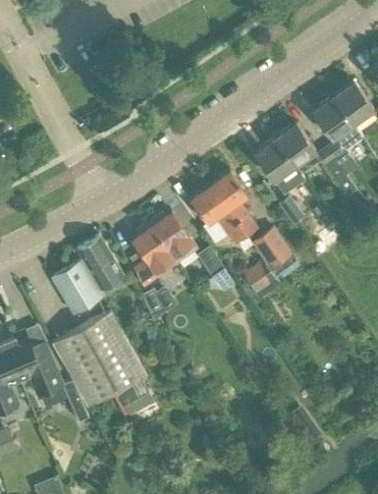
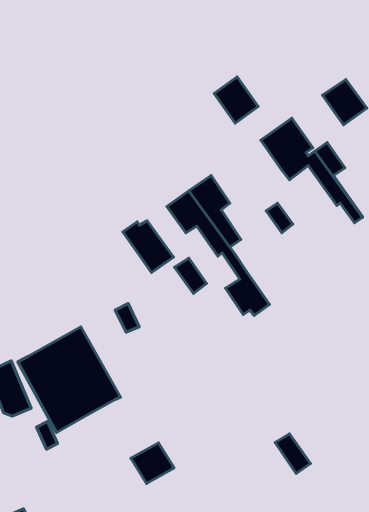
building: [313,97,353,139] -> none
building: [255,139,295,181] -> [214,77,258,123]
building: [131,223,177,287] -> none
building: [253,228,292,269] -> none
building: [52,237,123,315] -> none
building: [116,378,156,416] -> [131,443,174,484]

